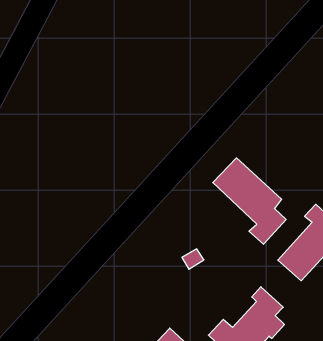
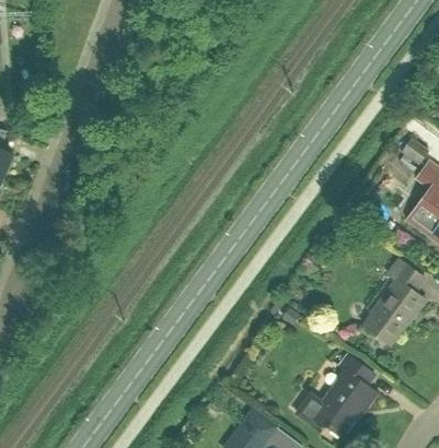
building: [213,158,286,244] -> none

